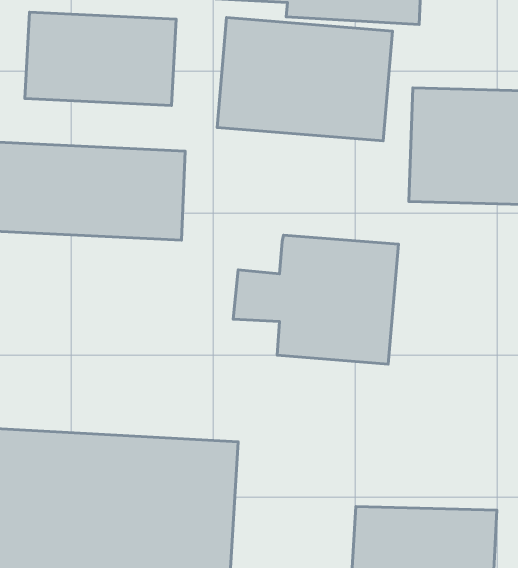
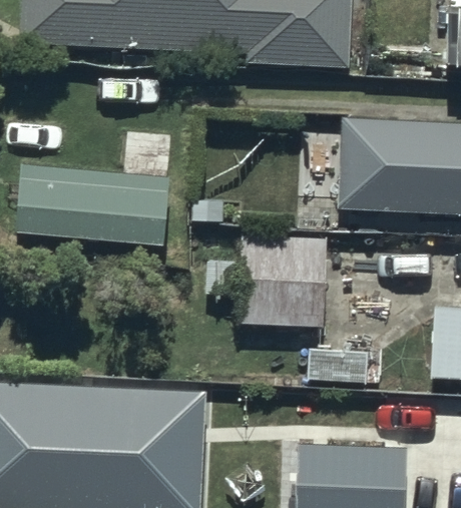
building: [25,12,176,106] -> none
building: [217,18,393,141] -> none

